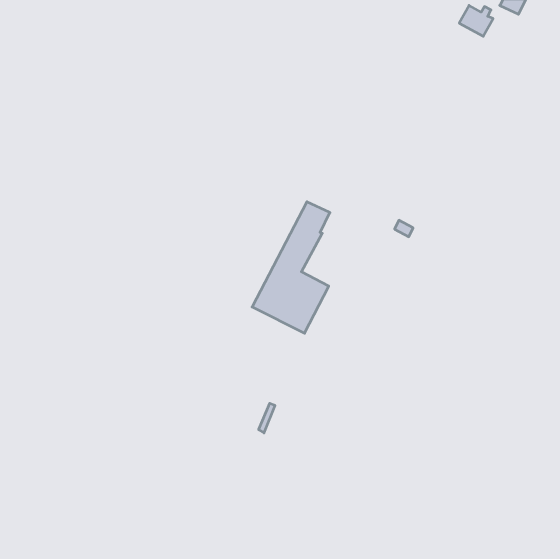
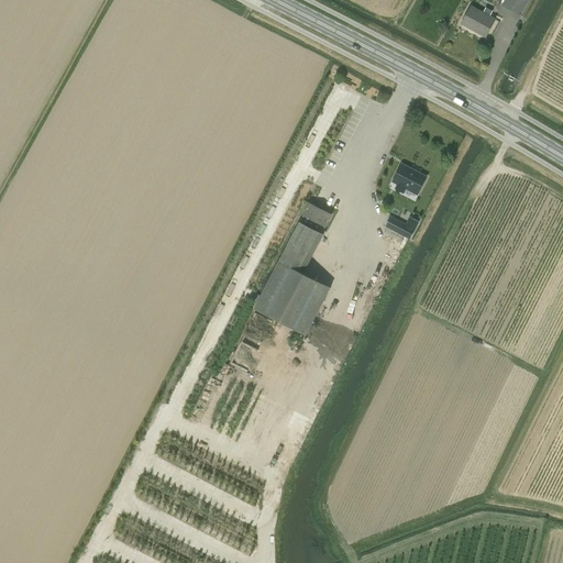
building: none -> [393,164,426,194]

